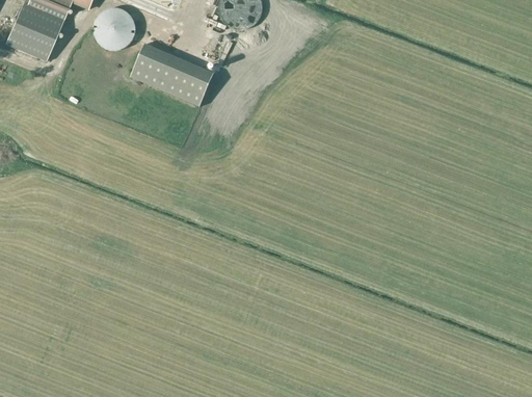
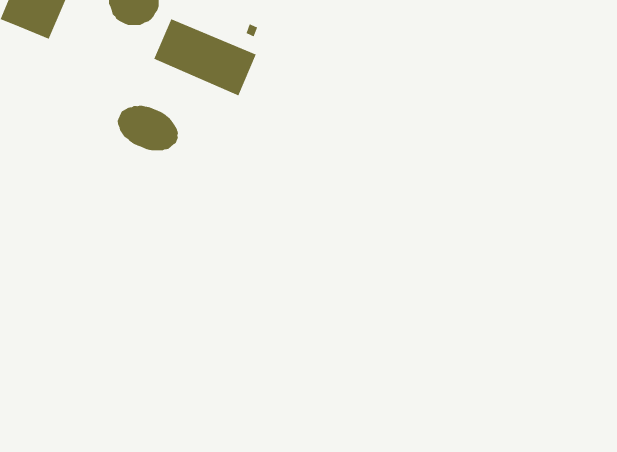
building: none -> [117,105,179,151]

